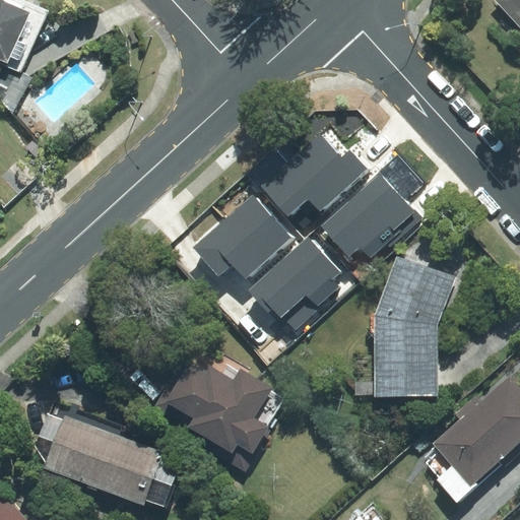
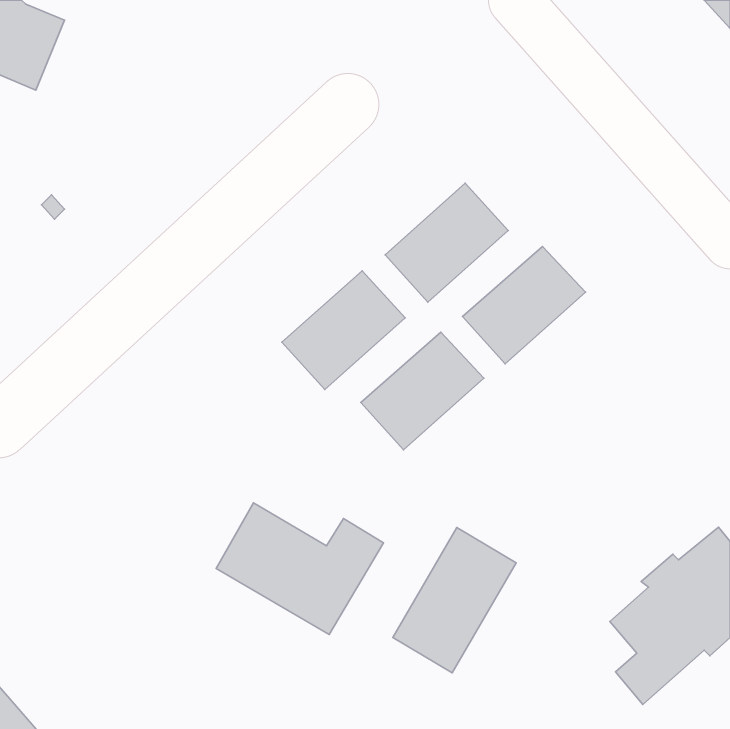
building: [373,258,455,396] -> none
building: none -> [393,528,516,673]
building: [43,417,179,508] -> none

